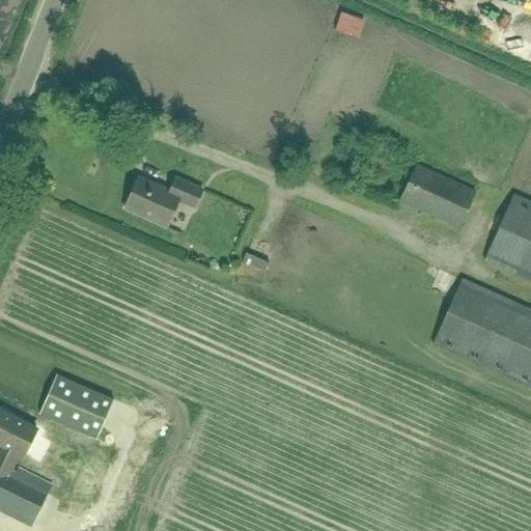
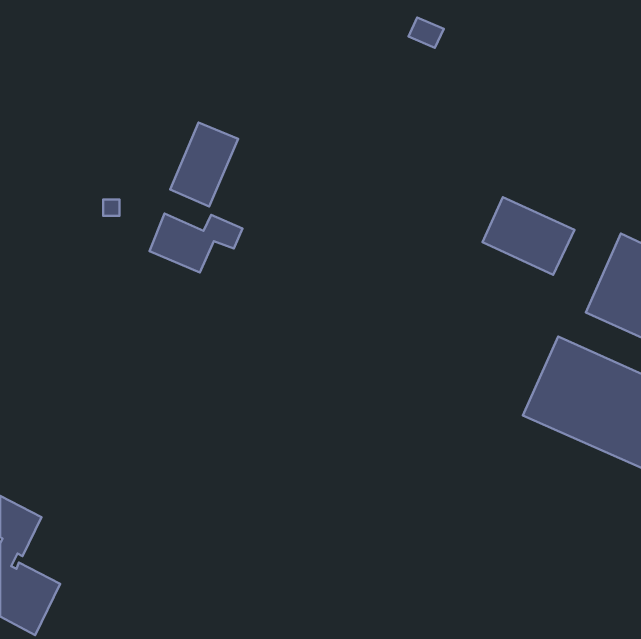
building: none -> [170,122,238,207]
building: [37,375,112,431] -> none

